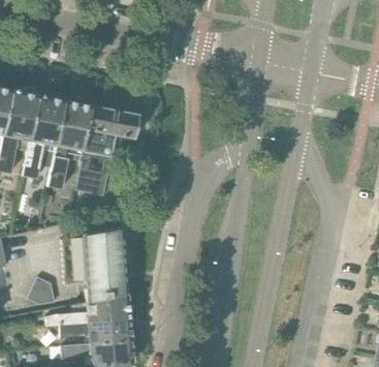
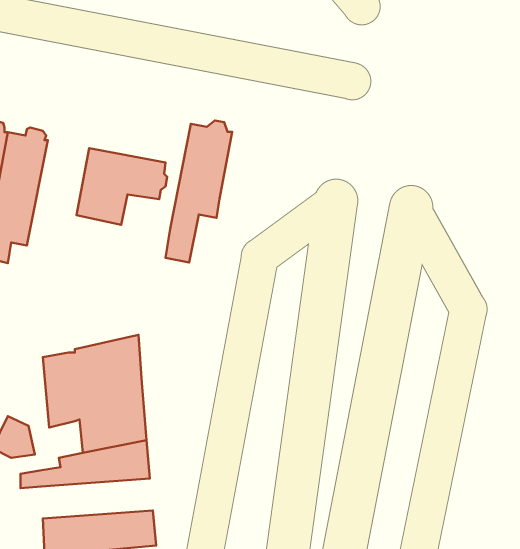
building: [46,97,90,189] -> [165,121,232,263]
building: [74,166,107,193] -> none
building: [59,318,131,344] -> none

